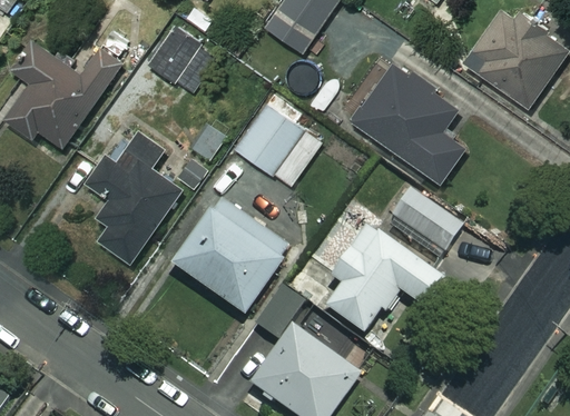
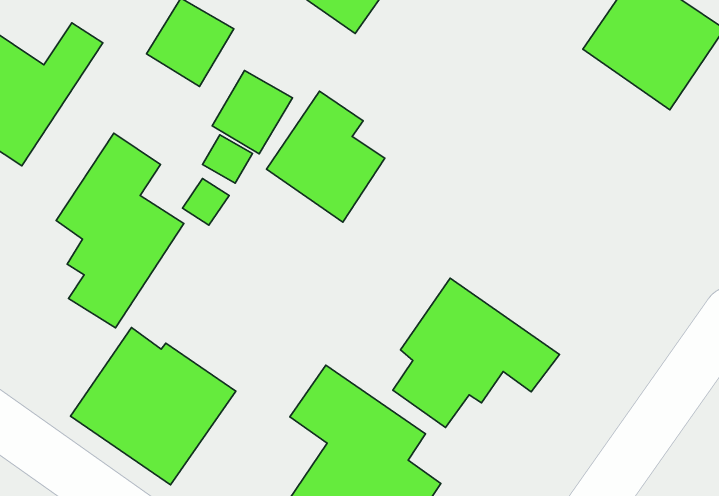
building: [351,62,462,182] -> none
building: none -> [212,70,292,154]
building: [392,187,466,251] -> none
building: [174,202,292,315] -> [71,327,236,485]

